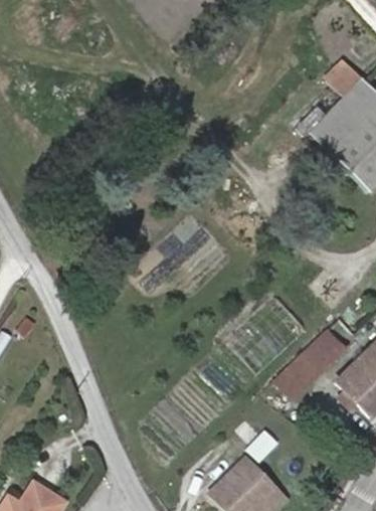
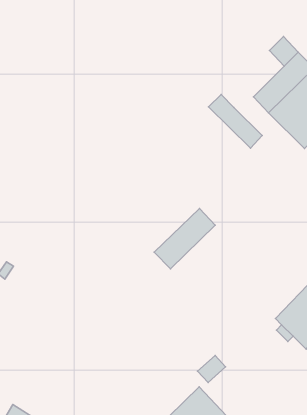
building: none -> [209,95,262,148]
building: [276,328,347,397] -> [154,208,215,269]

